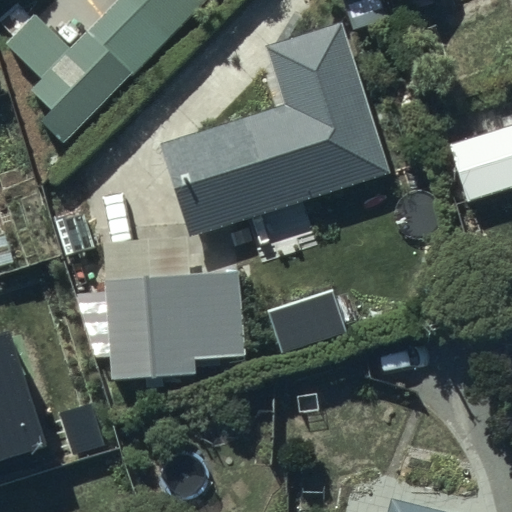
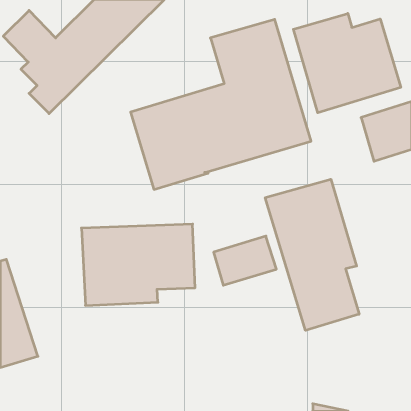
building: none -> [293,13,401,113]
building: none -> [265,179,359,330]

